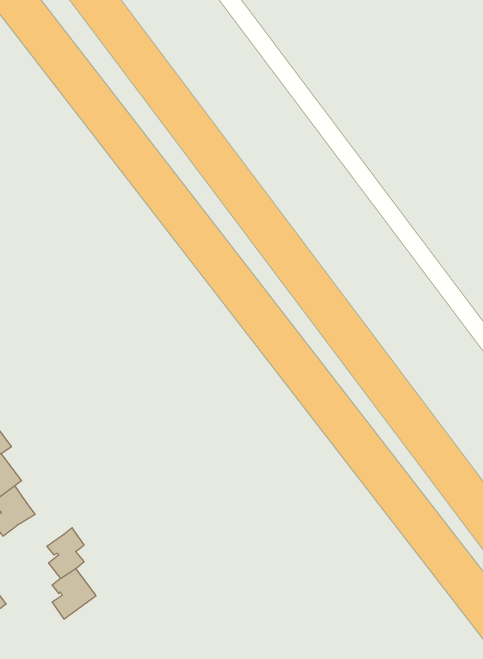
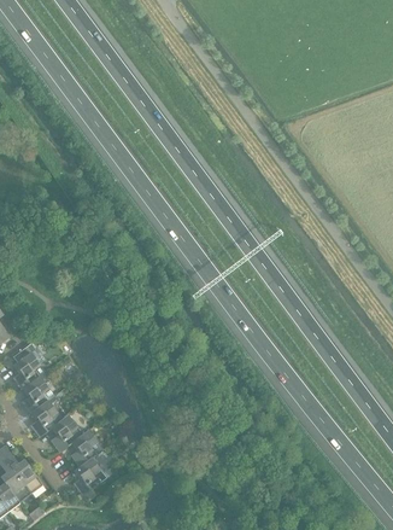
building: none -> [49,415,82,452]

